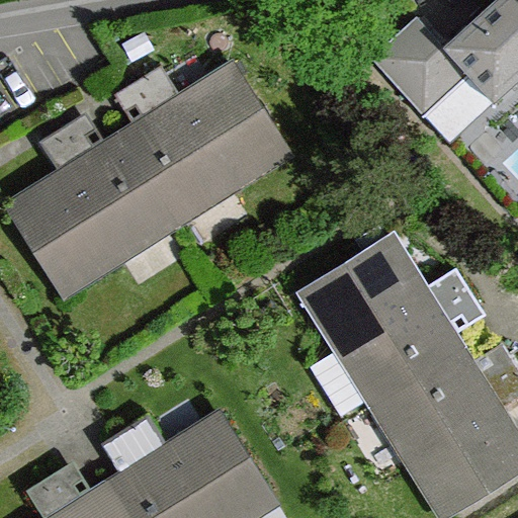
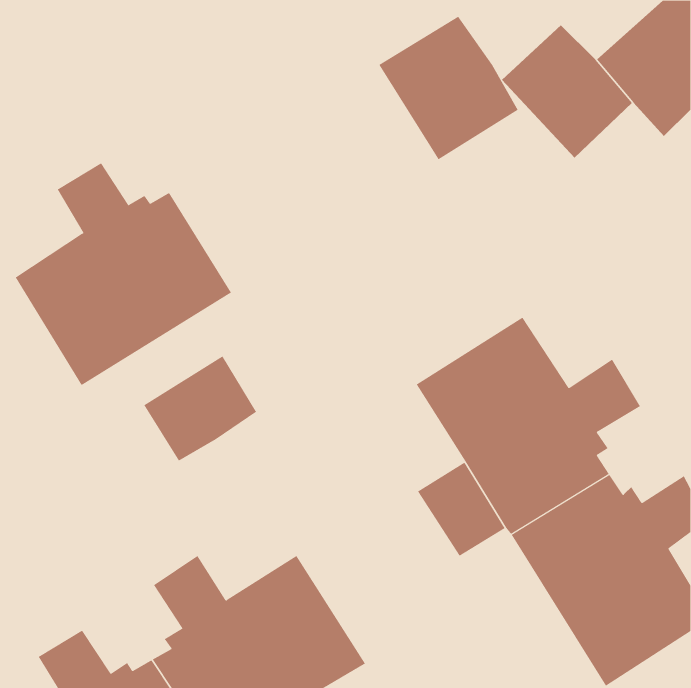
building: none -> [379,16,519,160]
building: [126,69,286,222] -> none
building: none -> [144,356,257,461]

